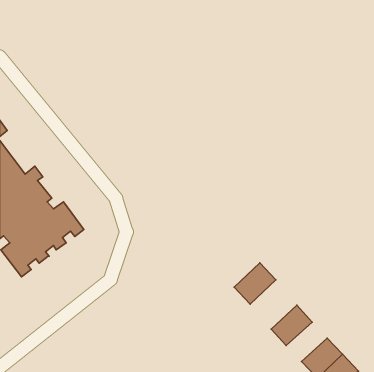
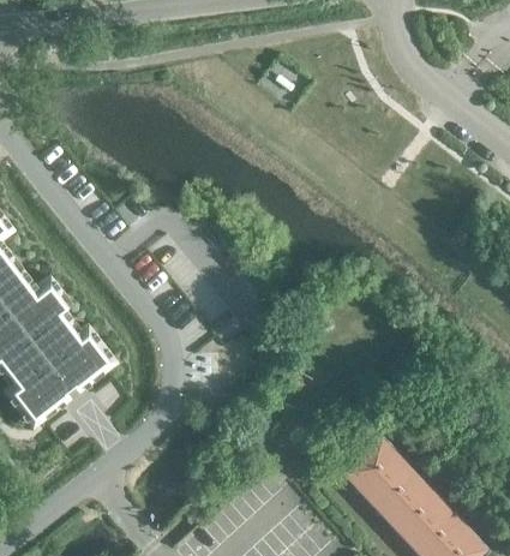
building: [234,263,276,304] -> [344,441,401,496]
building: none -> [386,486,442,539]

